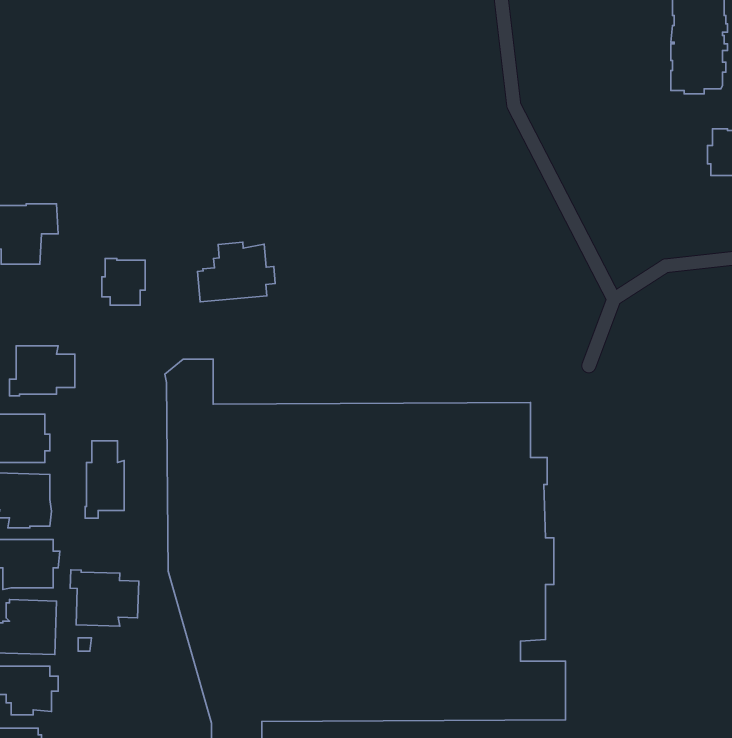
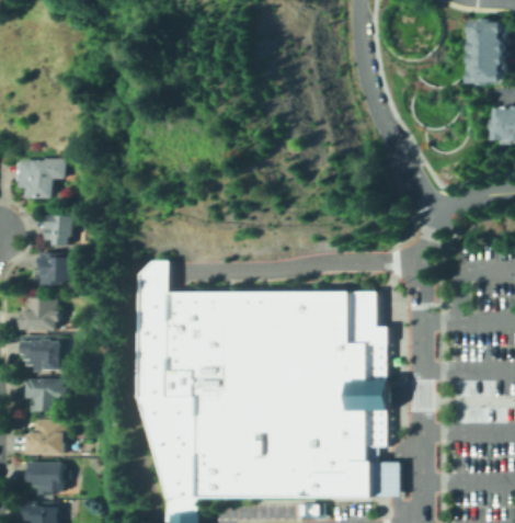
building: [197,242,275,302] -> none
building: [102,258,145,305] -> [47,215,76,246]
building: [85,441,124,518] -> none
building: [70,570,139,626] -> none

